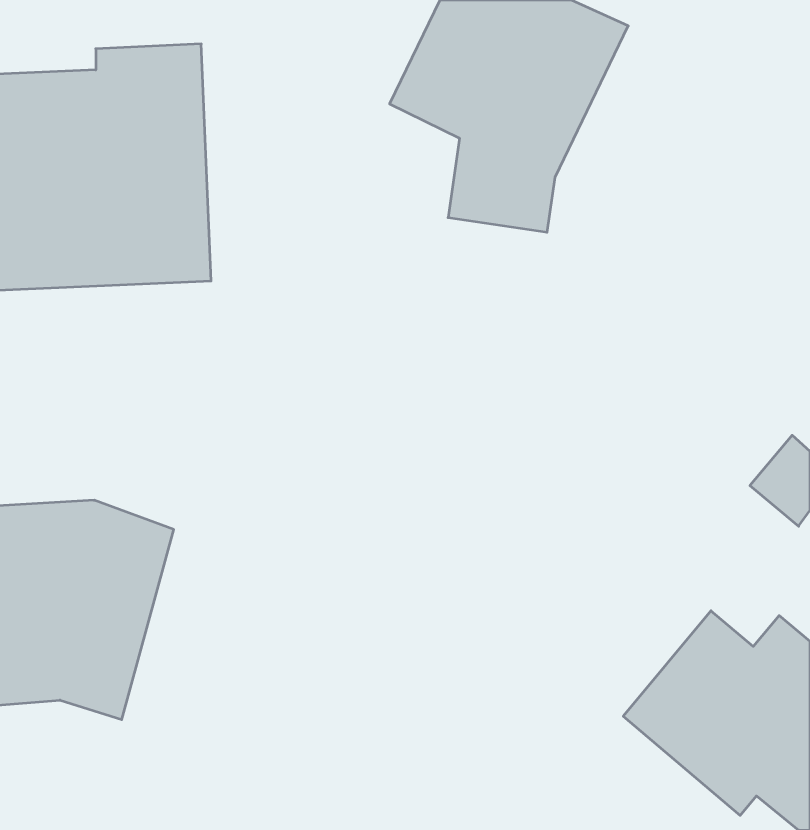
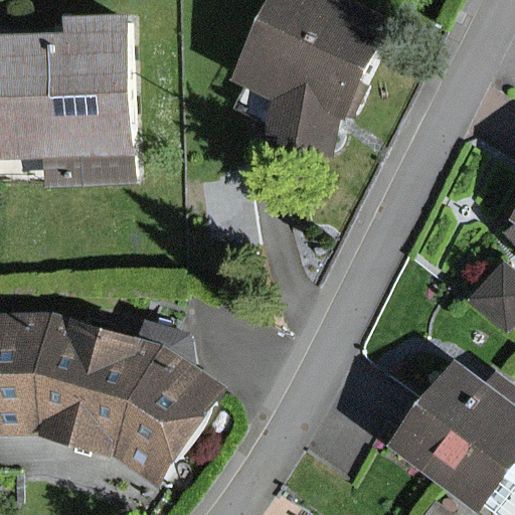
building: none -> [75,328,224,488]

